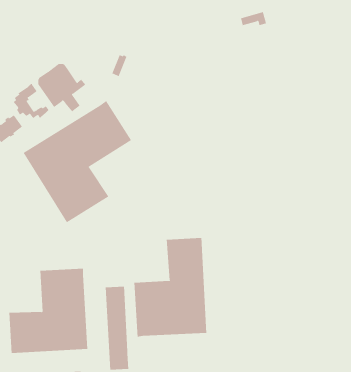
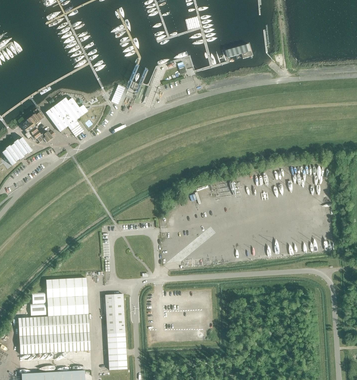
building: [23,100,132,223] -> none
building: [134,237,207,337] -> none

